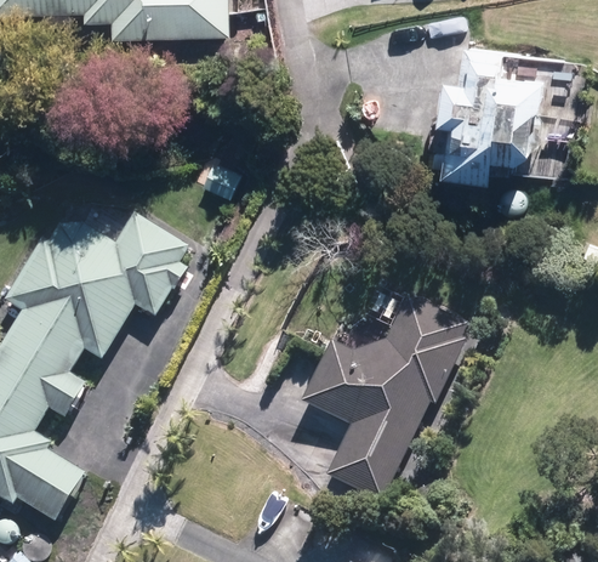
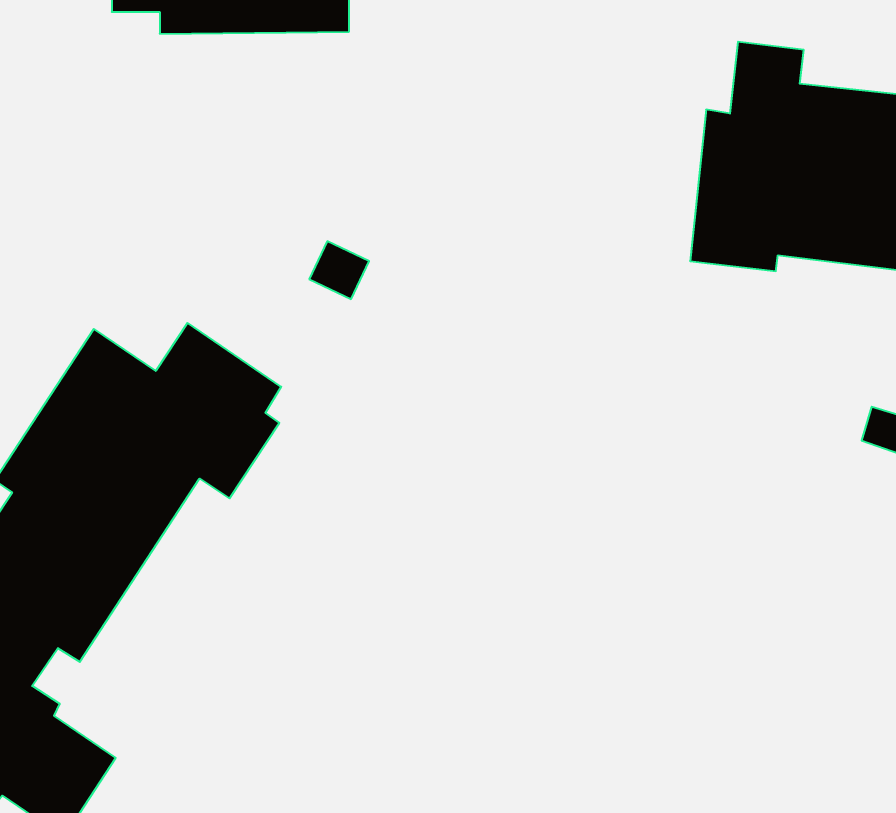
building: [302,294,468,501] -> none

